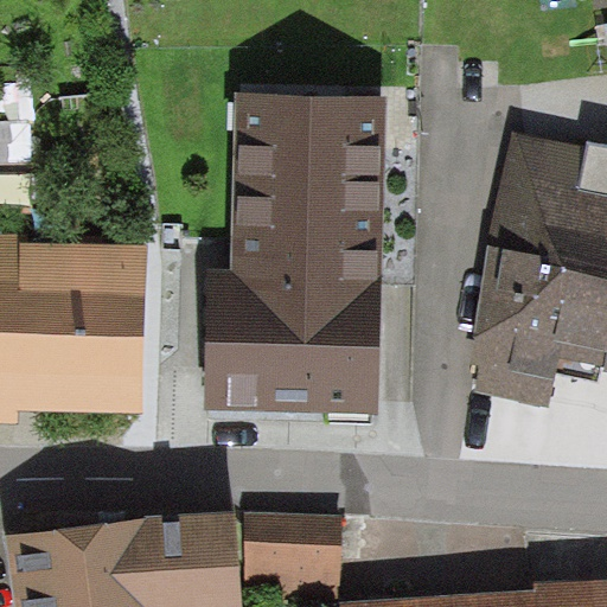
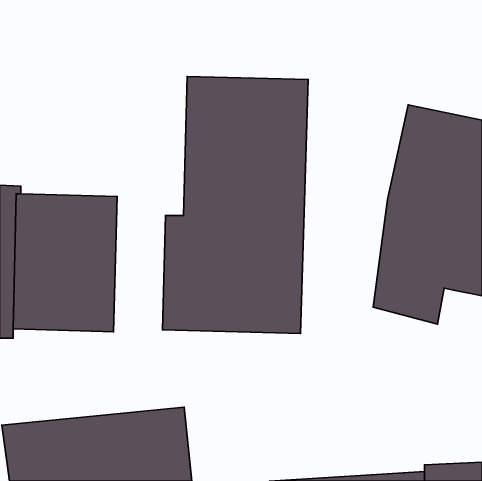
building: [244,510,339,599] -> none

